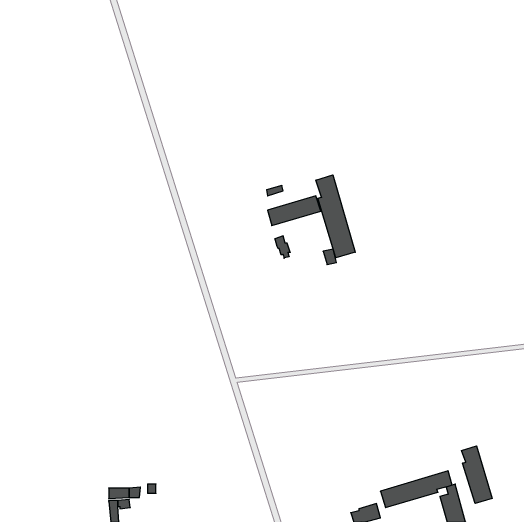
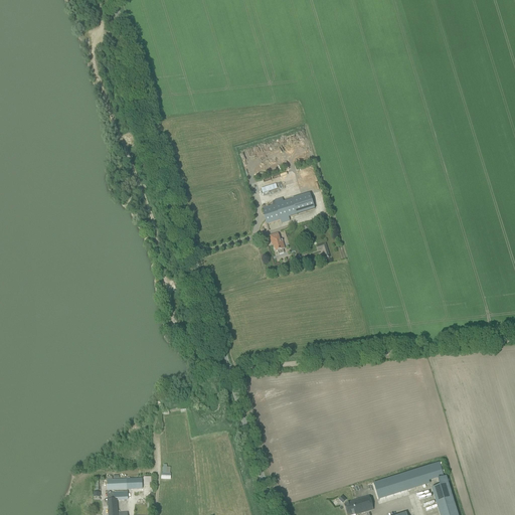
building: [316,175,355,258] -> none
building: [462,446,492,503] -> none

